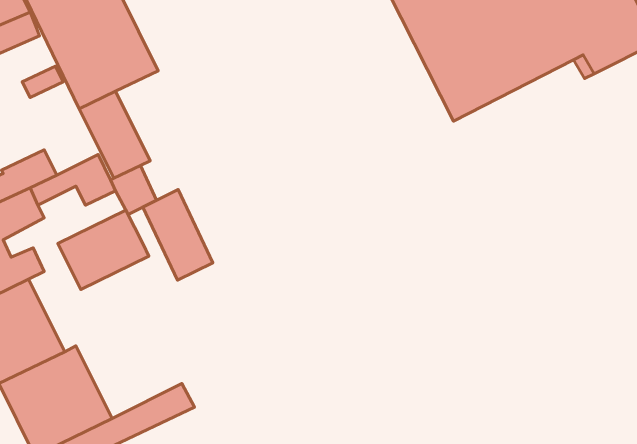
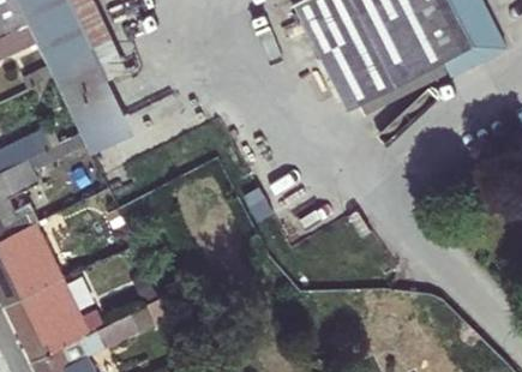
building: [143,190,213,280] -> none
building: [58,210,149,289] -> none

